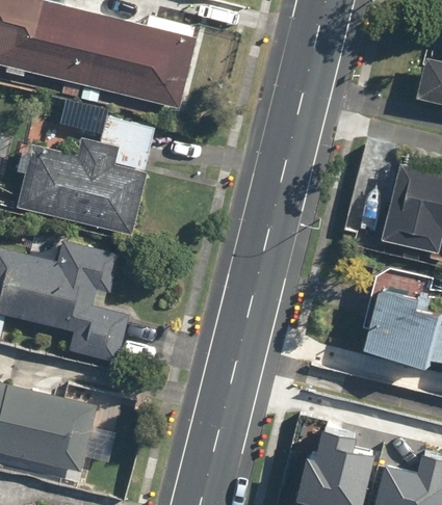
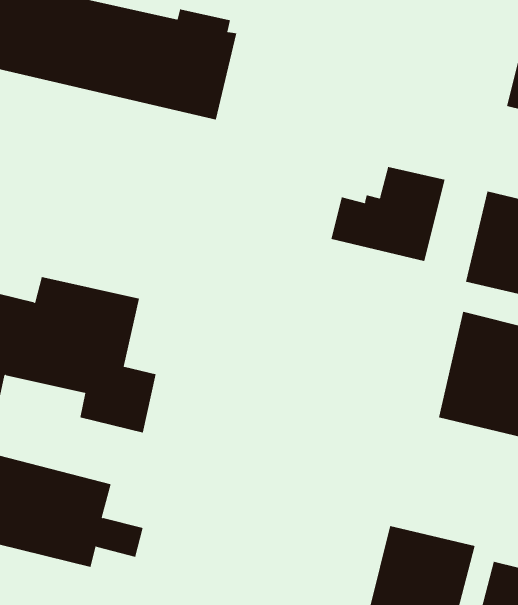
building: [19,116,153,235] -> none
building: none -> [331,166,445,262]

